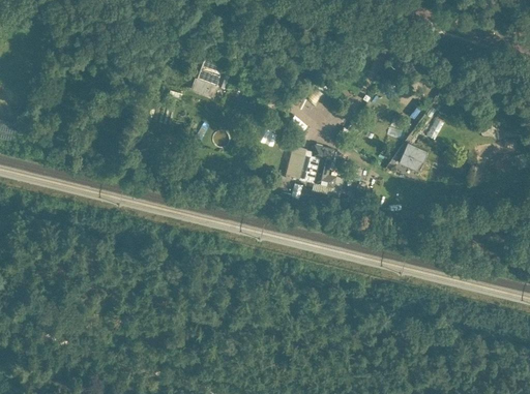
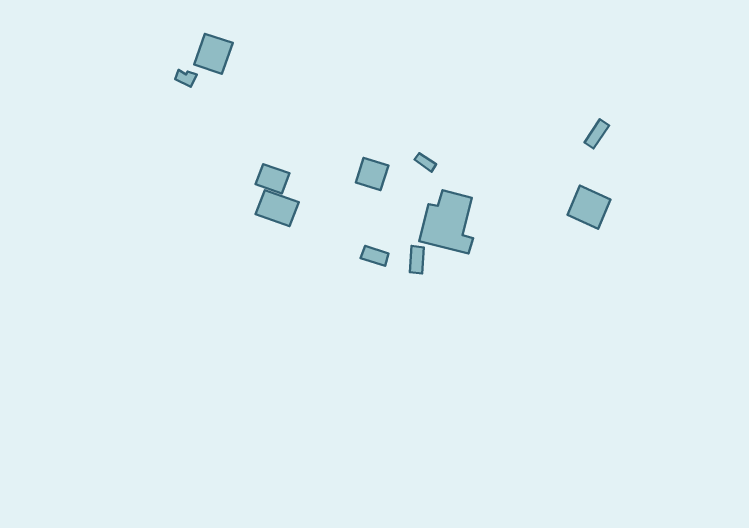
building: [197,63,223,90] -> [194,34,233,74]
building: none -> [256,190,299,226]

